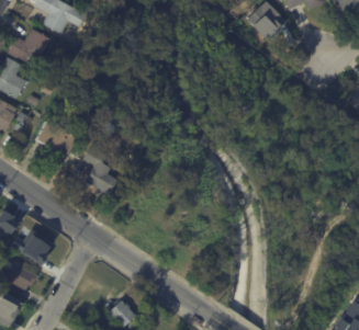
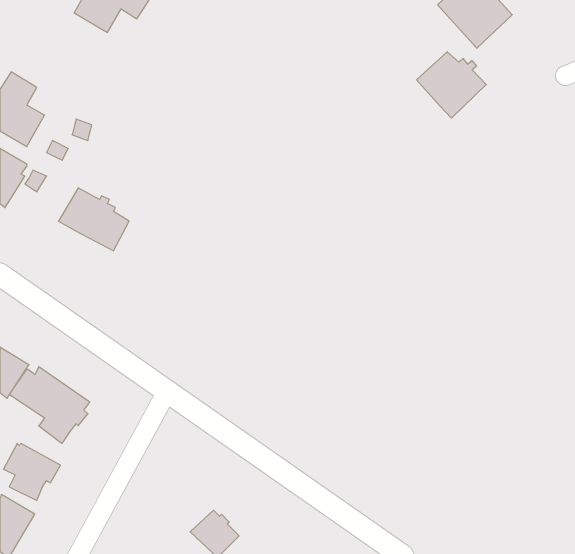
building: [8,27,51,66] -> none
building: none -> [417,52,486,118]
building: [82,145,116,193] -> none

